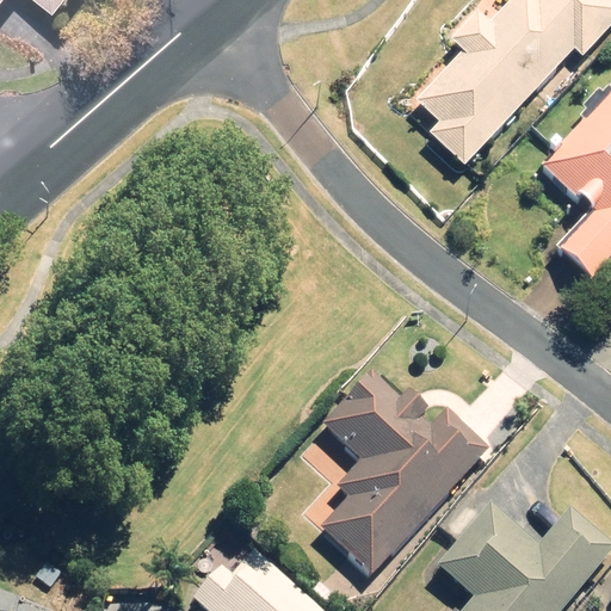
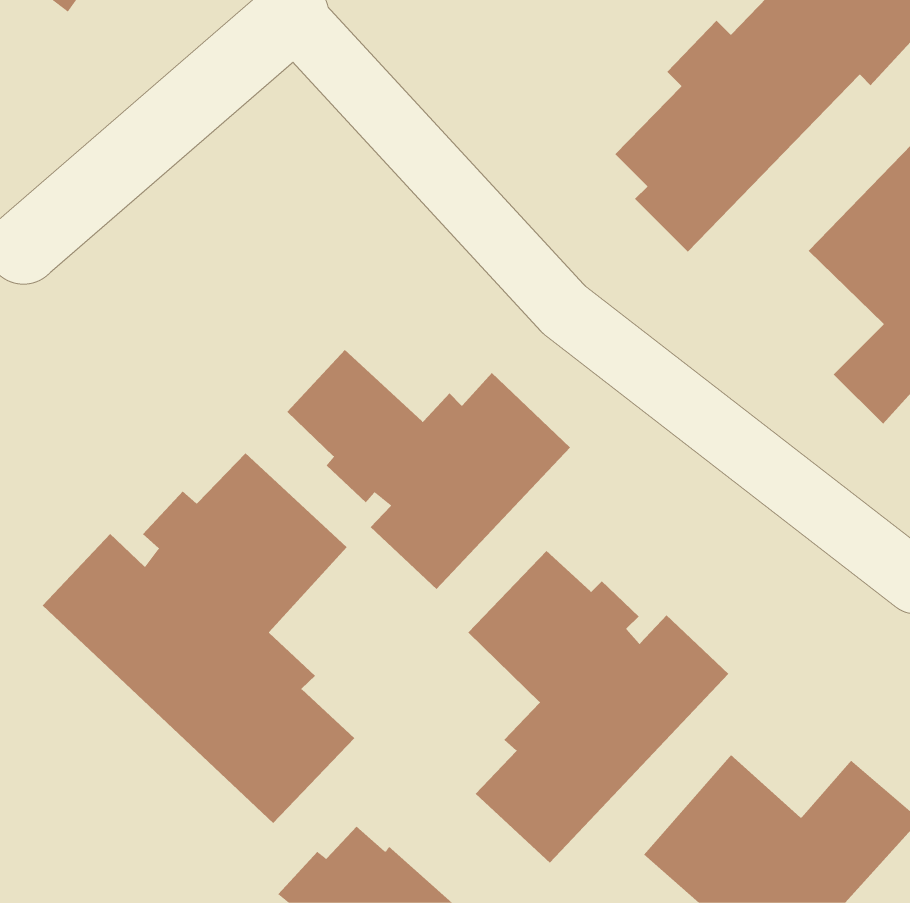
building: none -> [287,349,571,590]
building: none -> [42,452,355,824]

